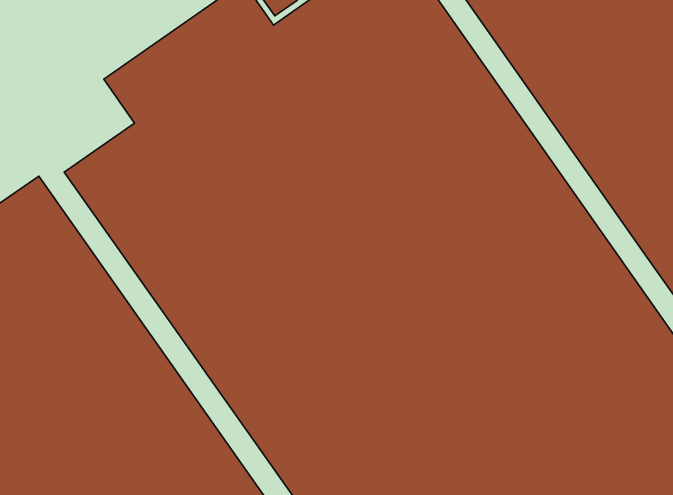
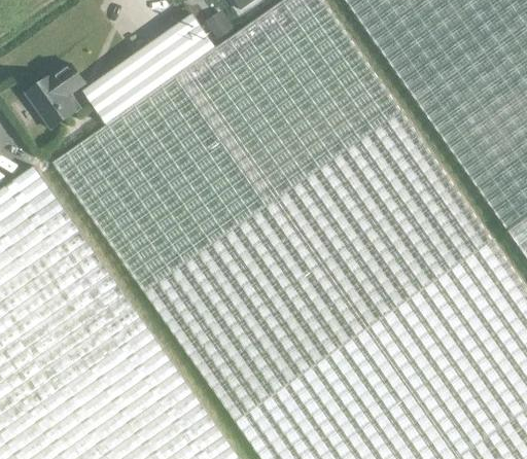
building: none -> [26,65,84,130]

